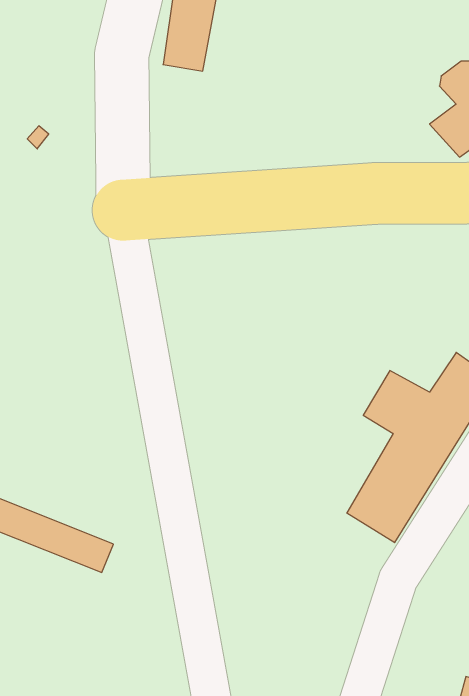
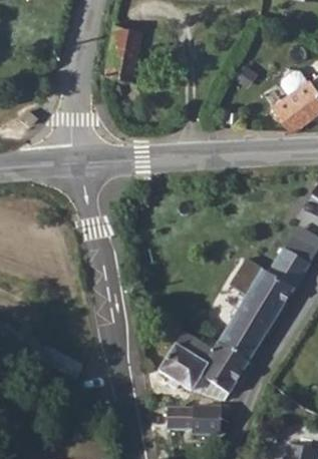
building: none -> [160,332,247,398]
building: none -> [165,406,220,435]

